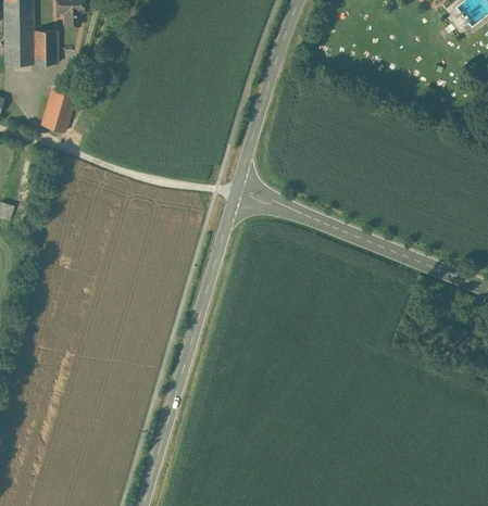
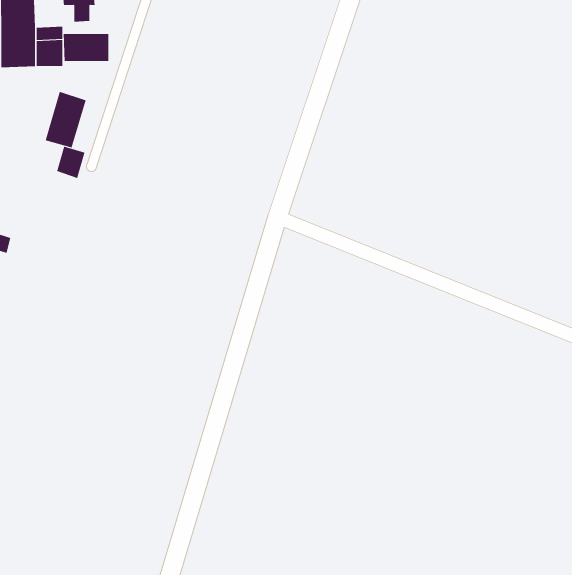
building: none -> [63,33,109,62]
building: none -> [56,146,85,179]

